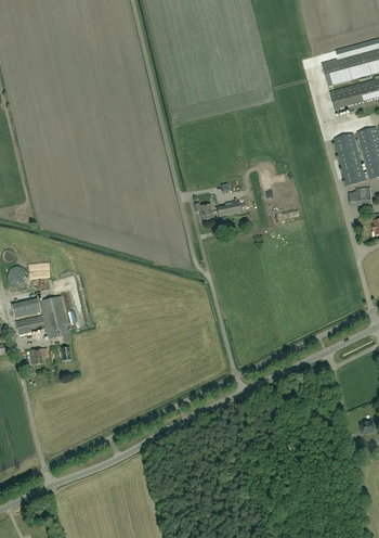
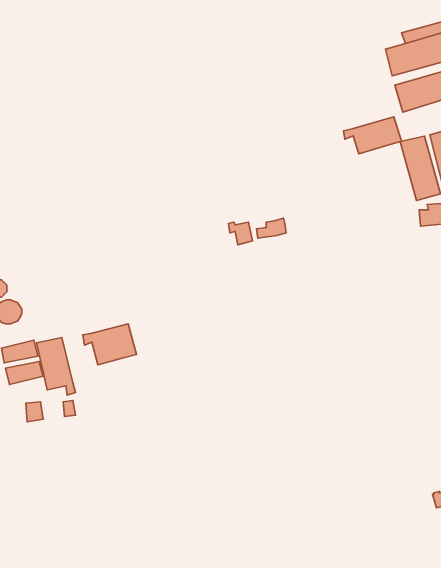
building: none -> [343,117,402,154]
building: none -> [83,324,136,365]

